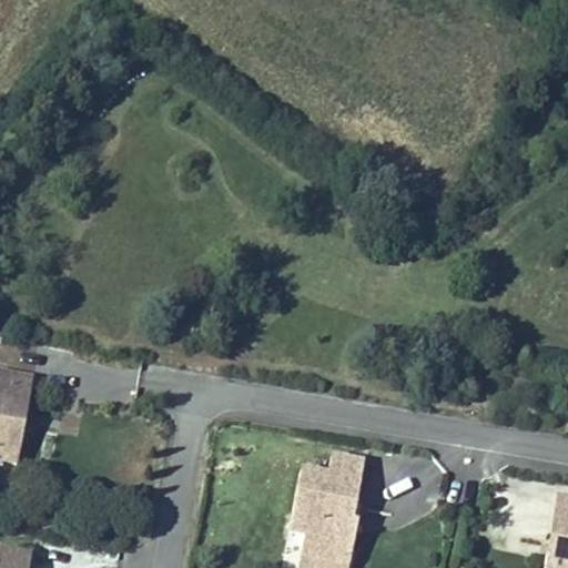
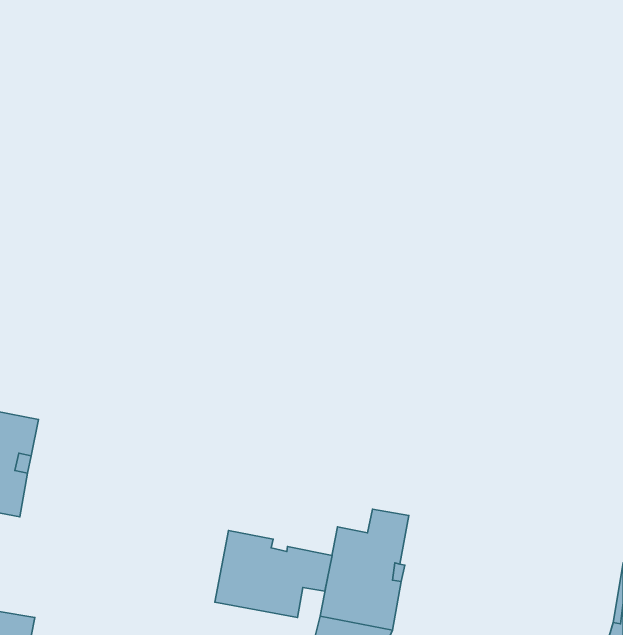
building: none -> [215,530,332,617]

